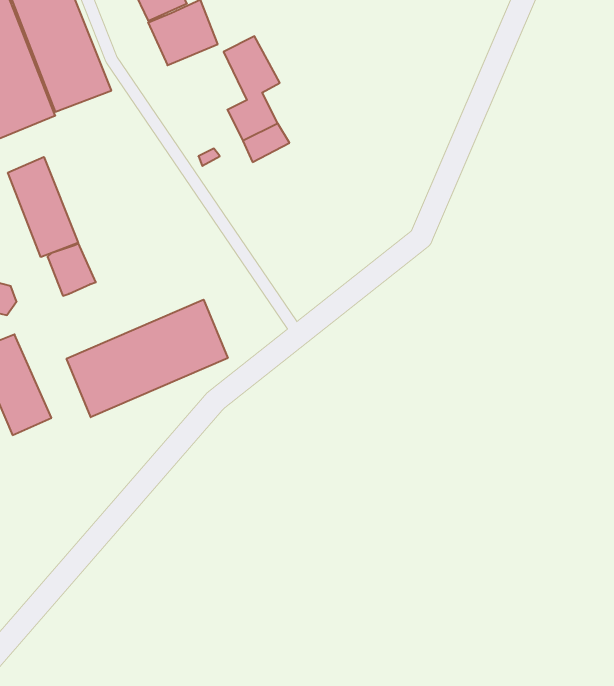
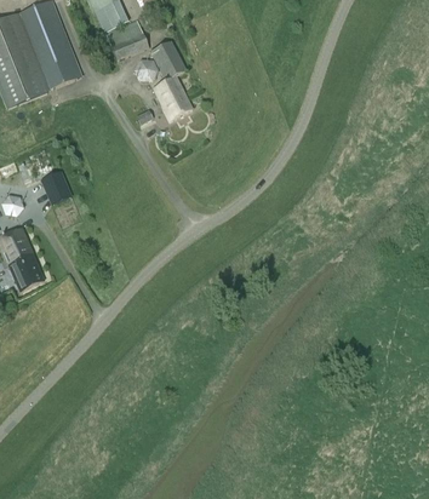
building: [8,157,78,257] -> none
building: [67,300,228,417] -> none

